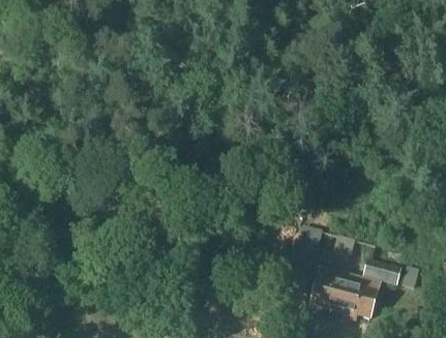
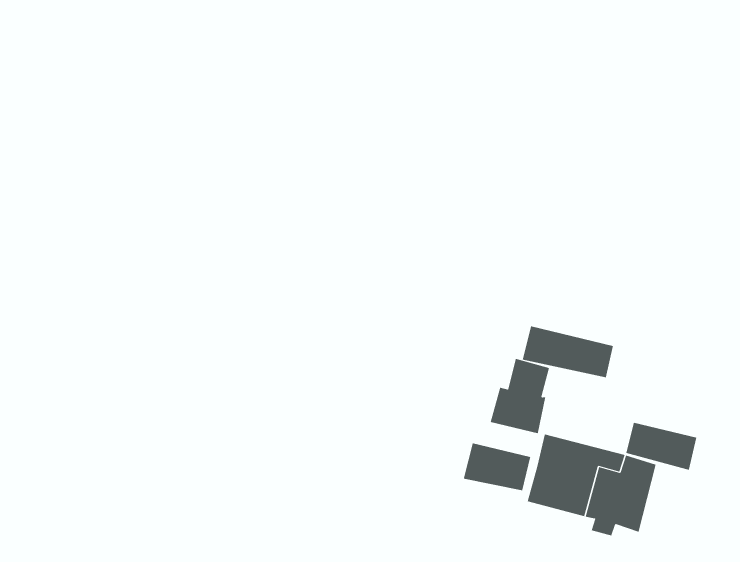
building: none -> [522,326,614,378]
building: none -> [463,442,531,491]

